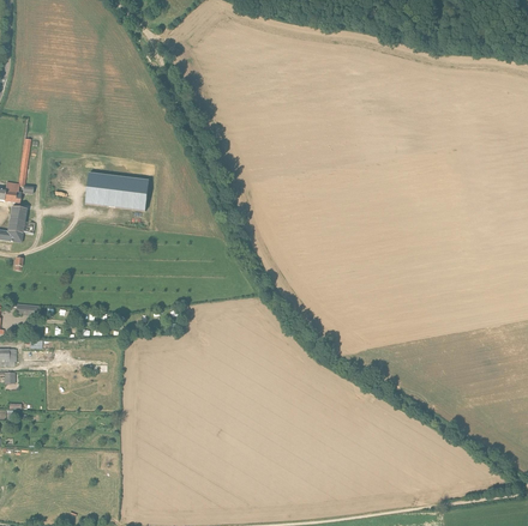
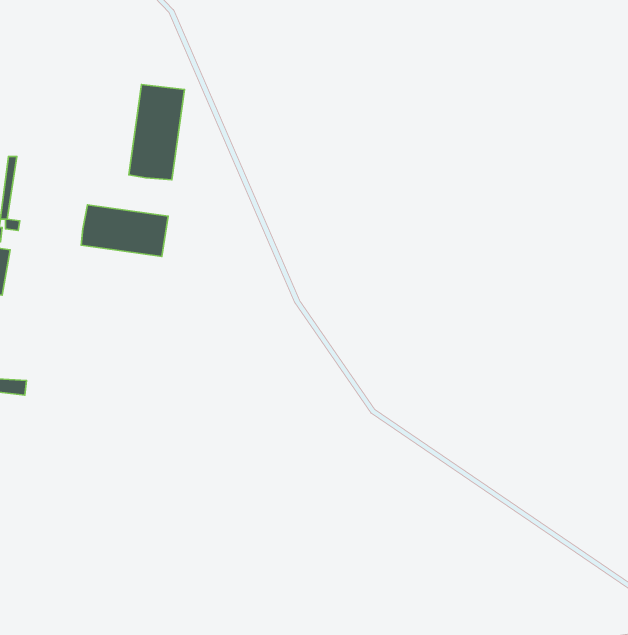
building: none -> [129,84,185,180]

